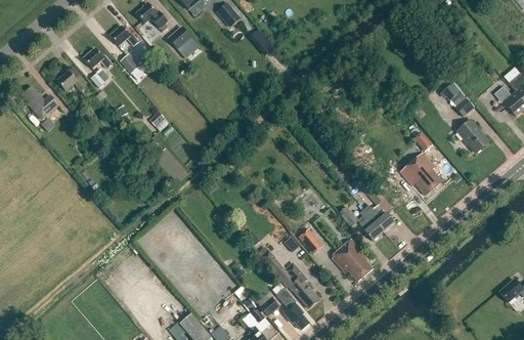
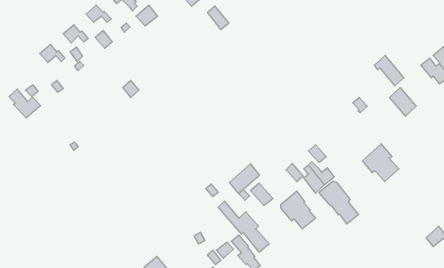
building: [23,86,58,119] -> [9,89,40,118]
building: [400,153,442,196] -> [362,144,399,181]
building: none -> [230,164,259,194]
building: none -> [319,181,358,224]

